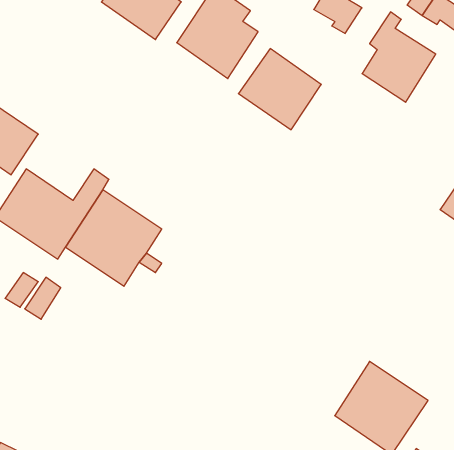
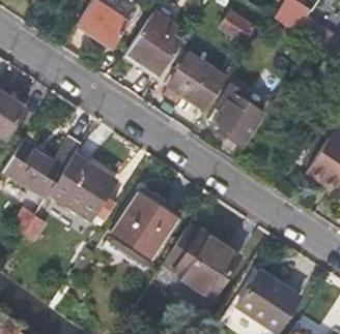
building: [362,12,436,102] -> [212,85,263,147]
building: none -> [112,191,179,261]
building: none -> [172,230,250,303]

